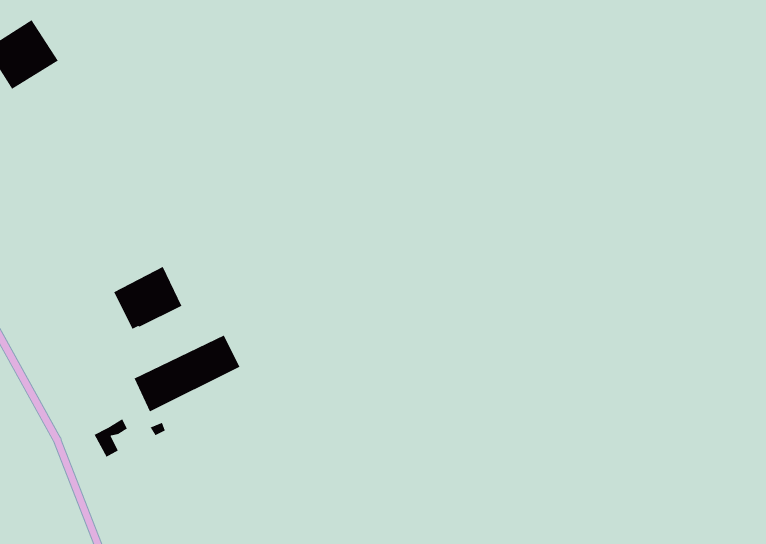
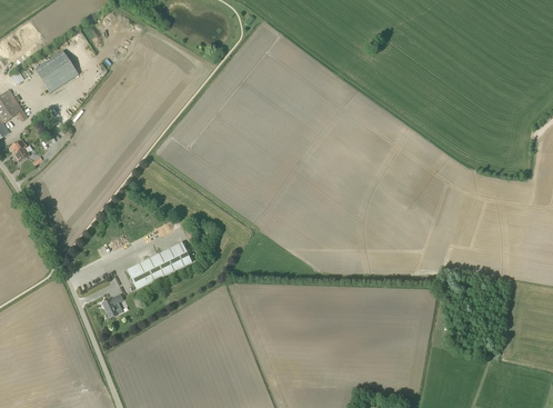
building: [113,266,183,330] -> none

